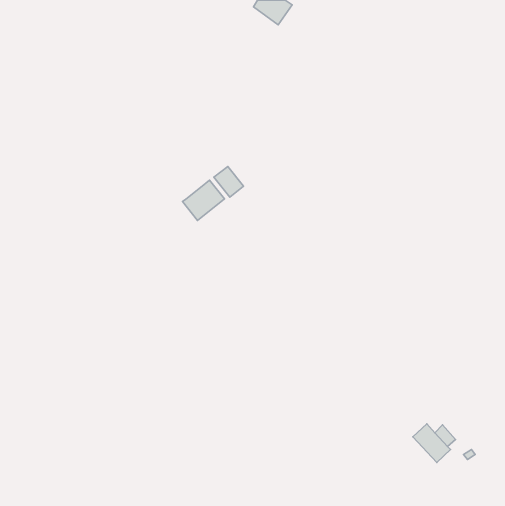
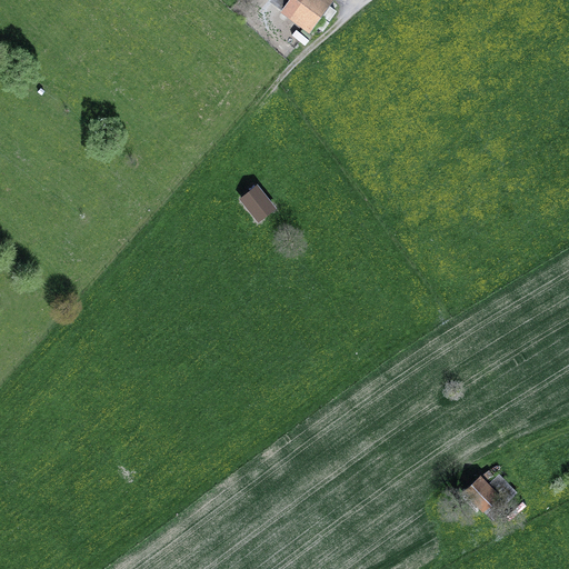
building: [183,180,224,220] -> none

